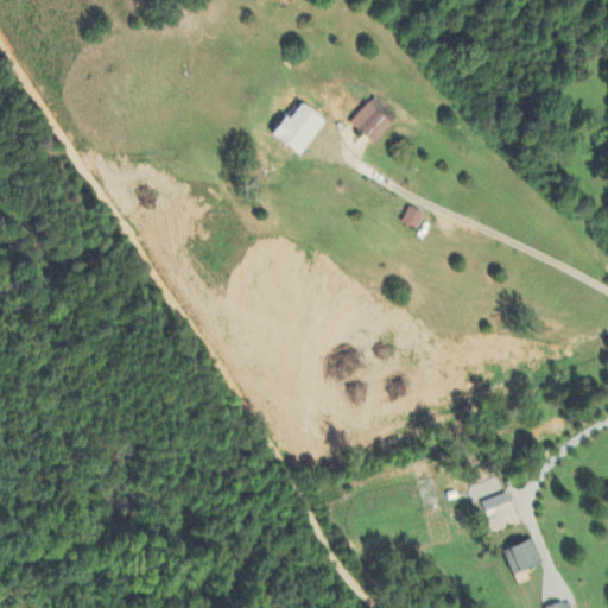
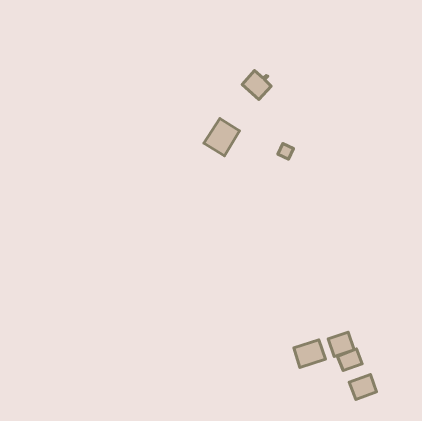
building: [272,101,323,154] -> [204,118,240,156]
building: none -> [294,340,326,368]

